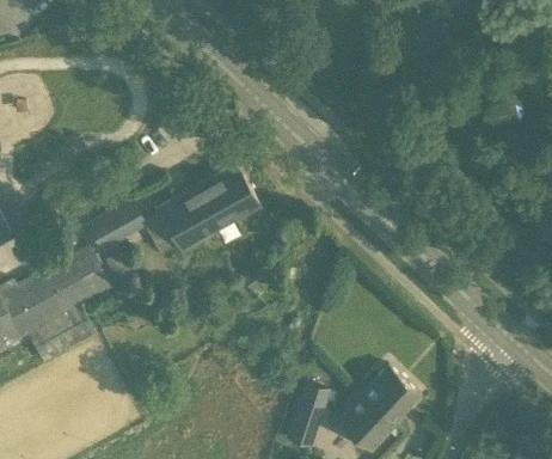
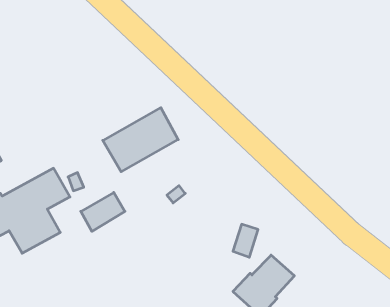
building: [85,202,146,256] -> [81,192,125,231]
building: [292,386,326,432] -> [233,224,258,257]

